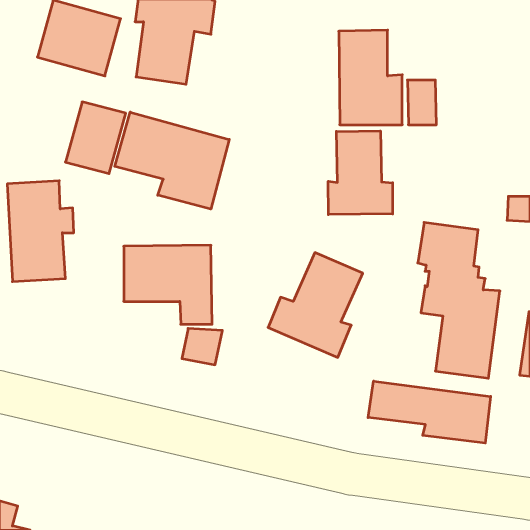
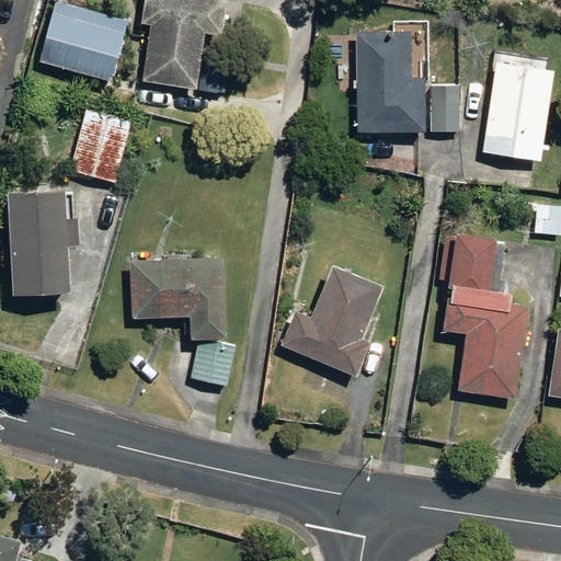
building: none -> [483,64,553,160]
building: [115,112,229,209] -> none
building: [328,131,393,215] -> none
building: [368,381,491,443] -> none

